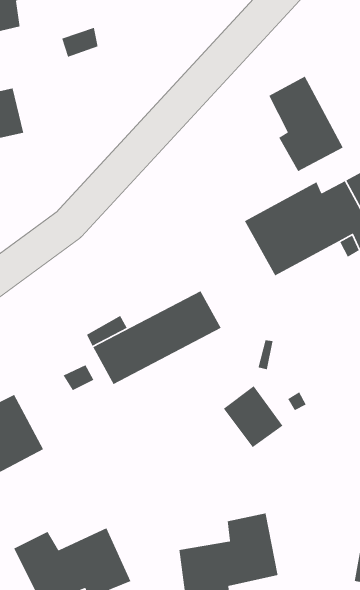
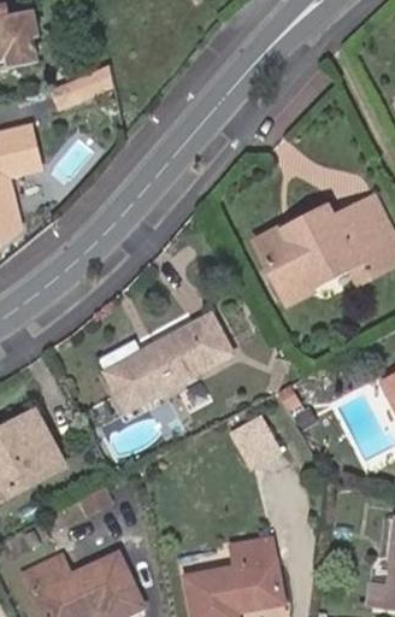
building: [268,76,344,172] -> none

